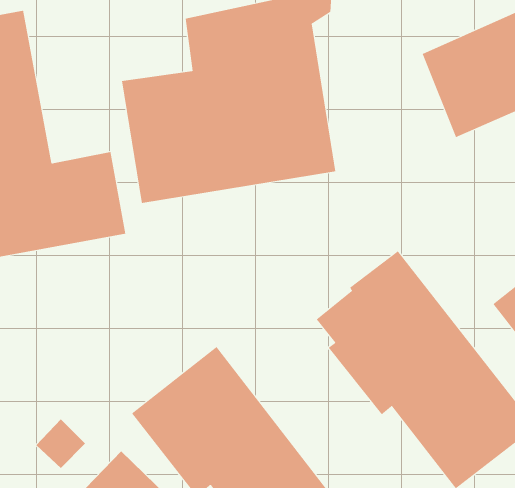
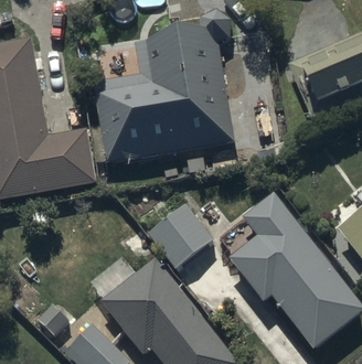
building: none -> [148,203,214,269]

